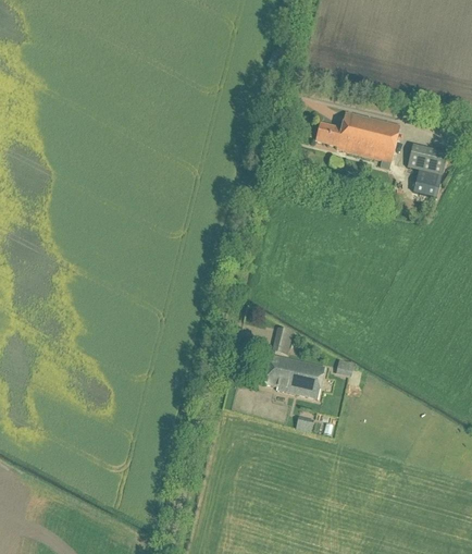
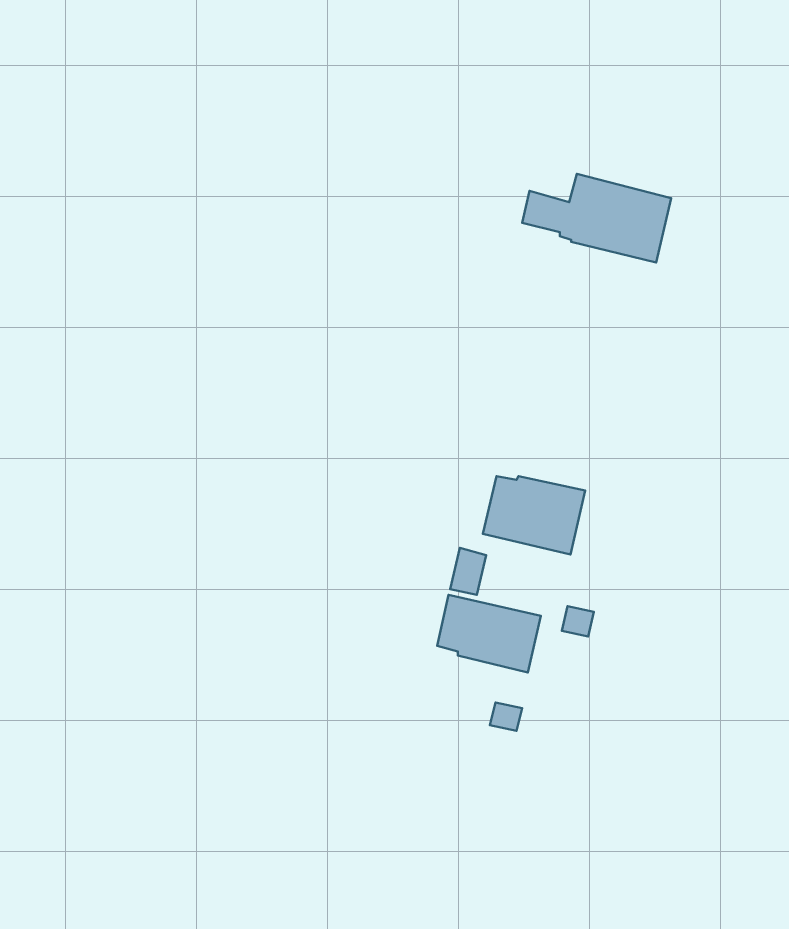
building: [411,144,452,197] -> none
building: none -> [483,476,585,555]

